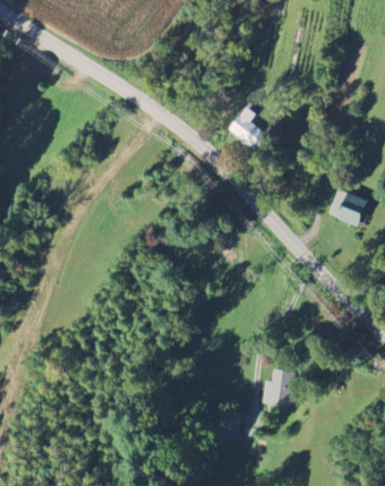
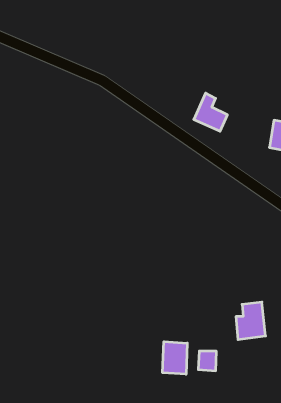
building: [228,107,263,148] -> [194,93,227,131]
building: none -> [163,342,187,374]

